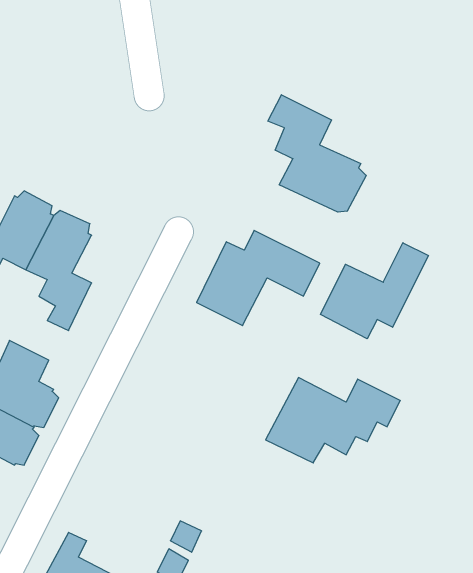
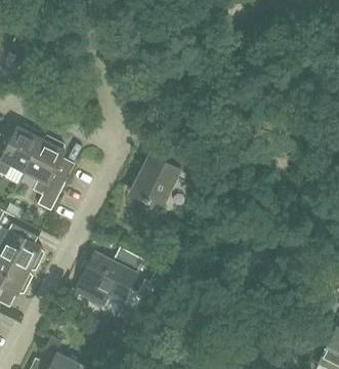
building: [268,95,366,212] -> none
building: [320,243,428,339] -> none
building: [266,378,400,463] -> [74,252,158,305]

